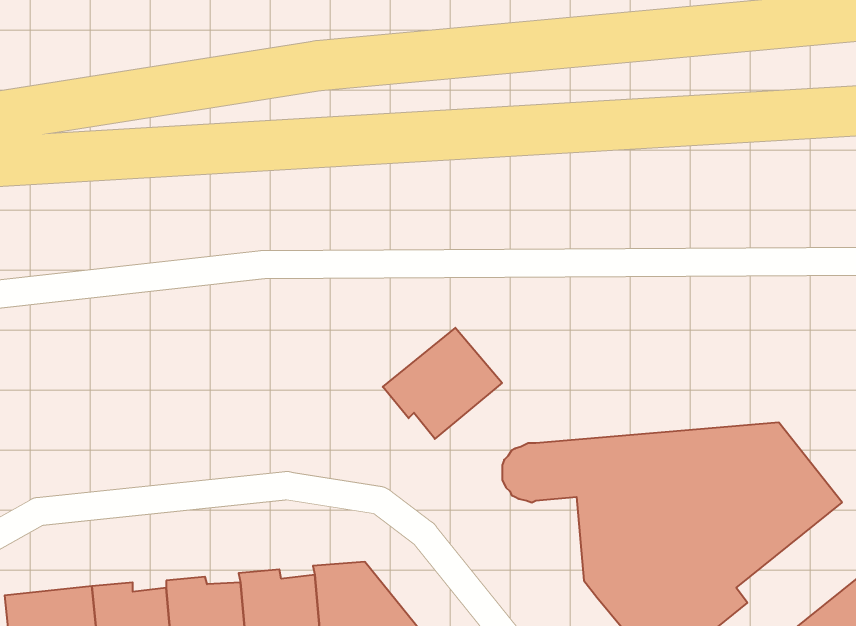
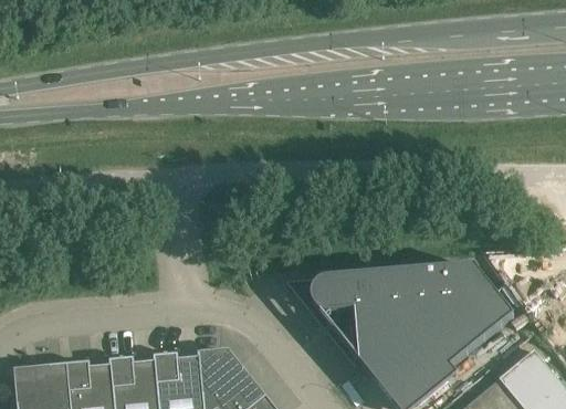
building: [383,328,502,439] -> none

